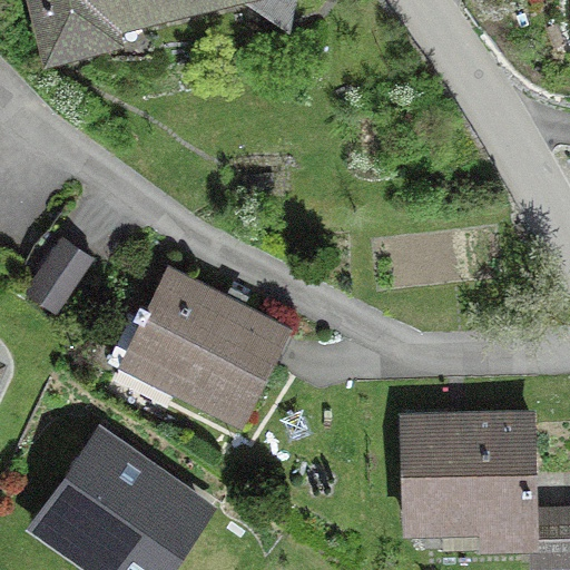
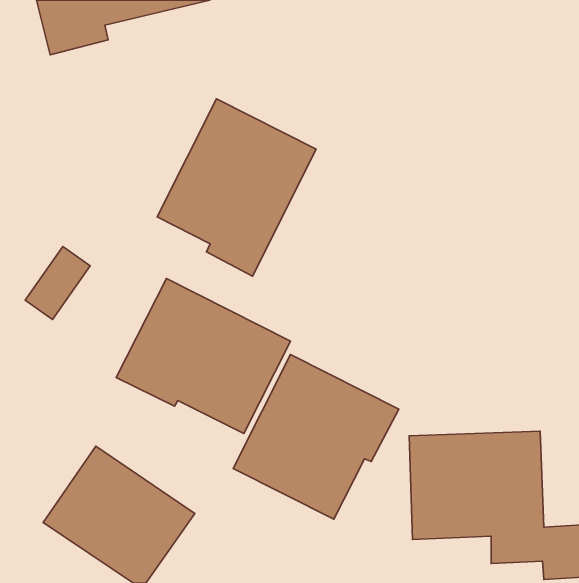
building: none -> [157,99,316,276]
building: none -> [233,355,399,519]

